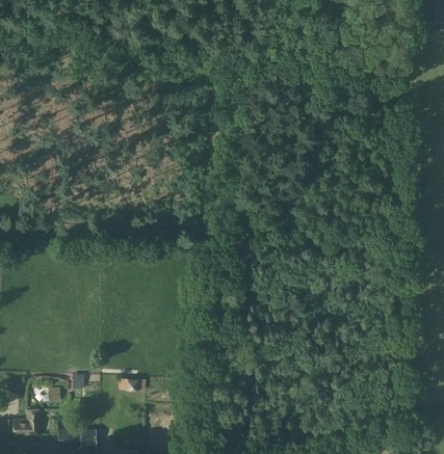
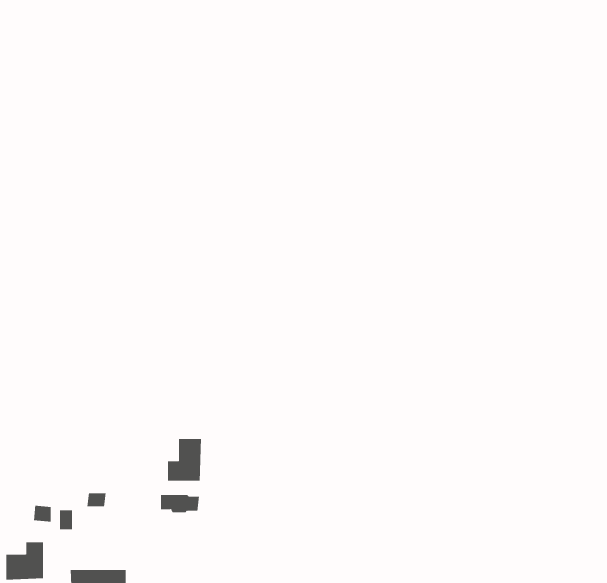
building: none -> [168,438,201,481]

